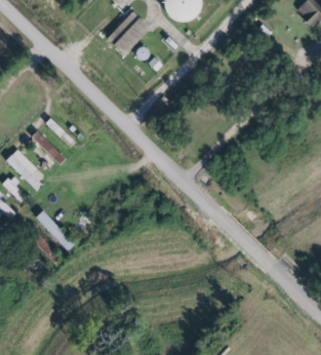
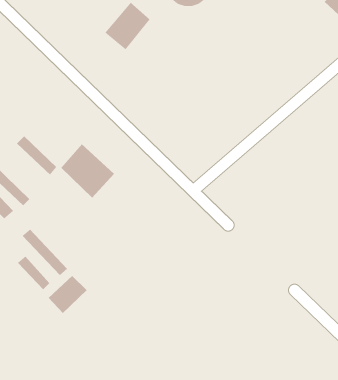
building: none -> [60,144,115,198]
building: none -> [48,275,87,314]

